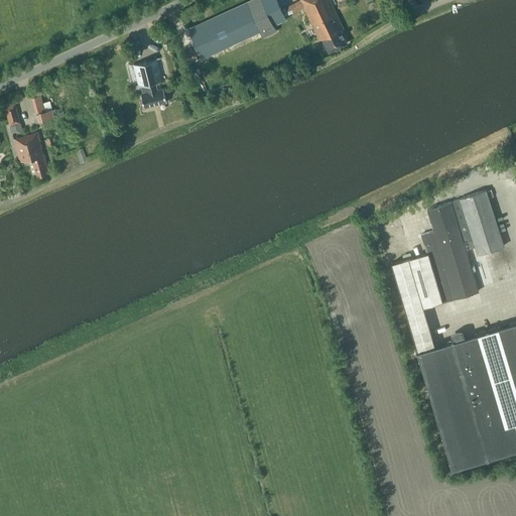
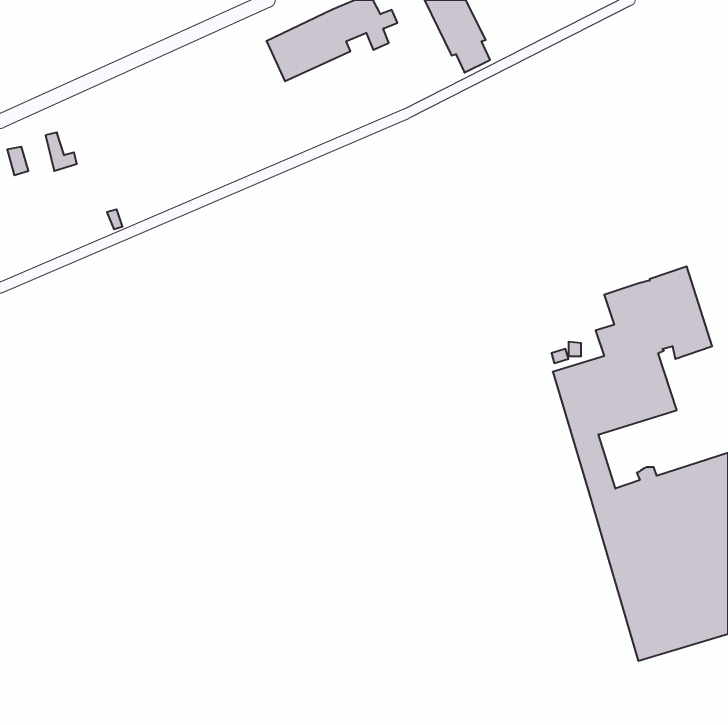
building: [128,59,167,110] -> none
building: [13,133,48,177] -> none

